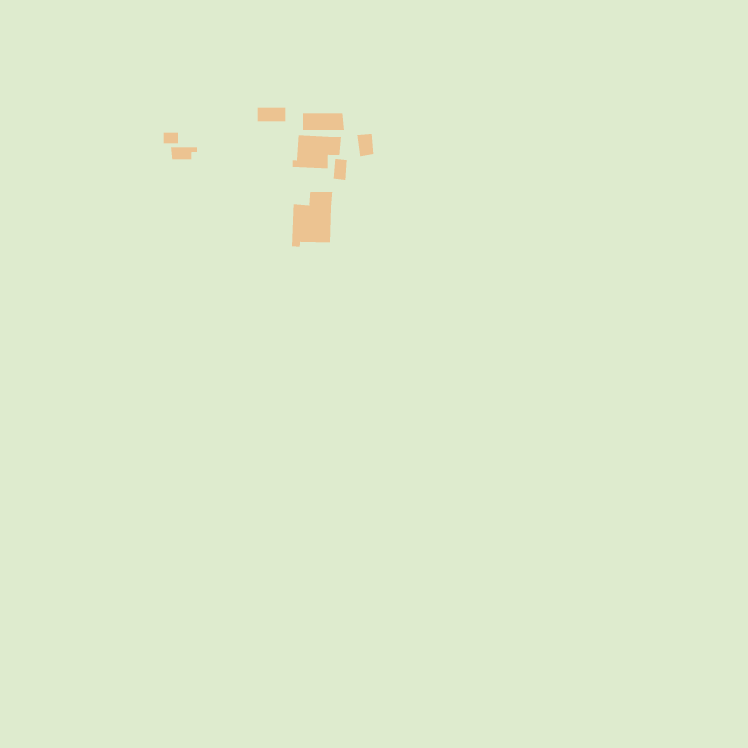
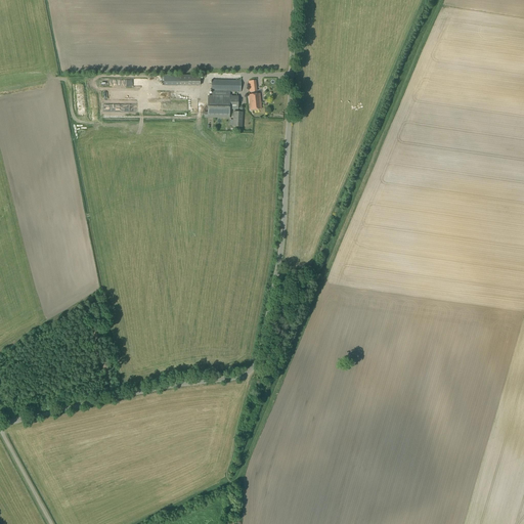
building: [291,191,333,248] -> none

